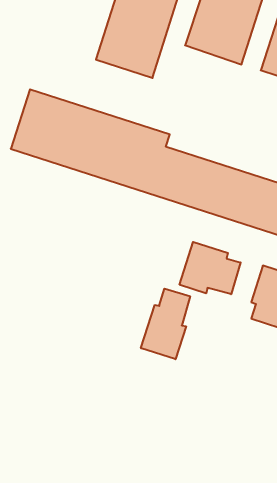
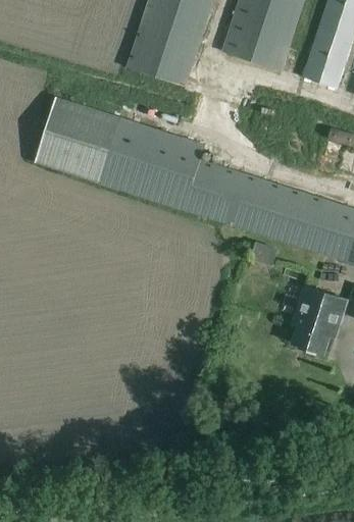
building: [180,242,241,294] -> none
building: [141,289,190,359] -> none

